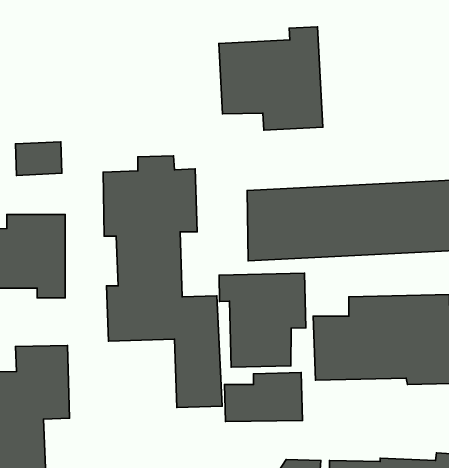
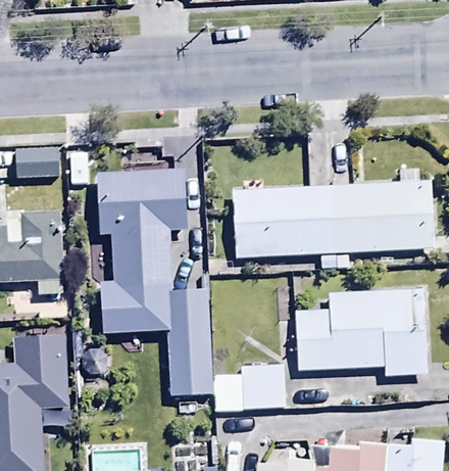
building: [219,27,323,130] -> none
building: [219,273,306,367] -> none

